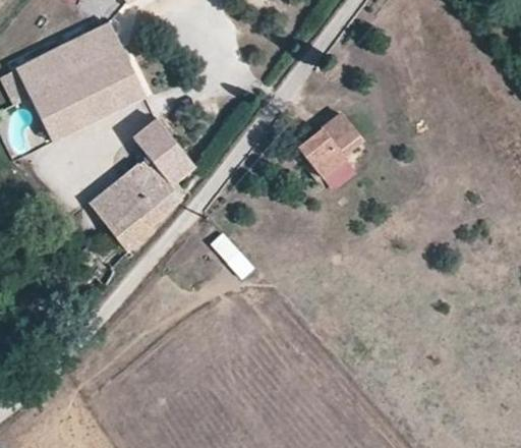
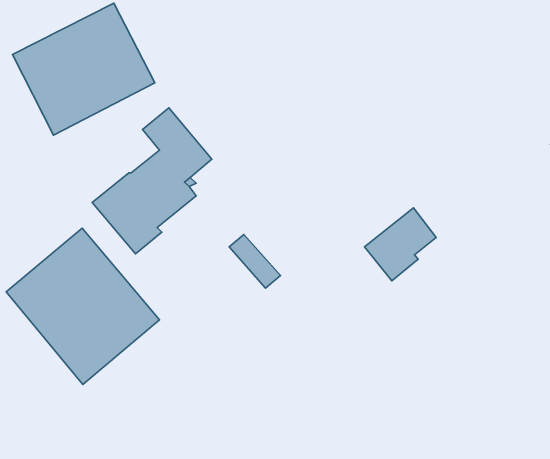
building: [299,112,363,177] -> [364,208,436,281]
building: none -> [6,228,159,384]

